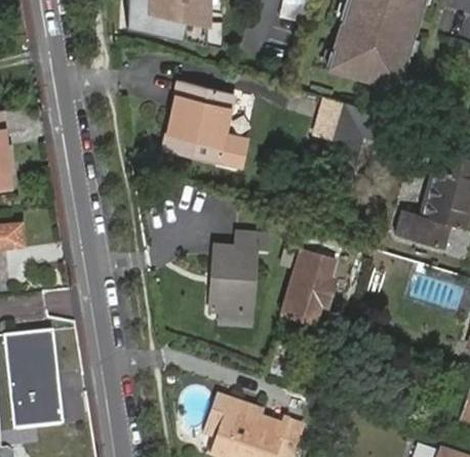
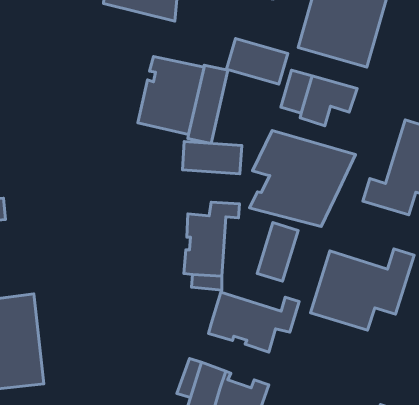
building: none -> [227,38,288,84]
building: none -> [249,130,356,227]
building: none -> [182,142,242,174]
building: none -> [311,249,414,330]
building: none -> [209,292,299,352]

